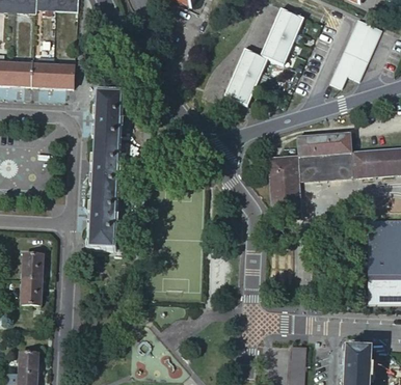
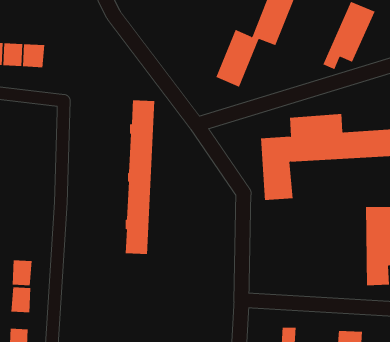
building: [52,63,75,87] -> none
building: [90,92,121,247] -> [125,100,155,255]
building: [22,253,43,279] -> [10,287,31,313]

